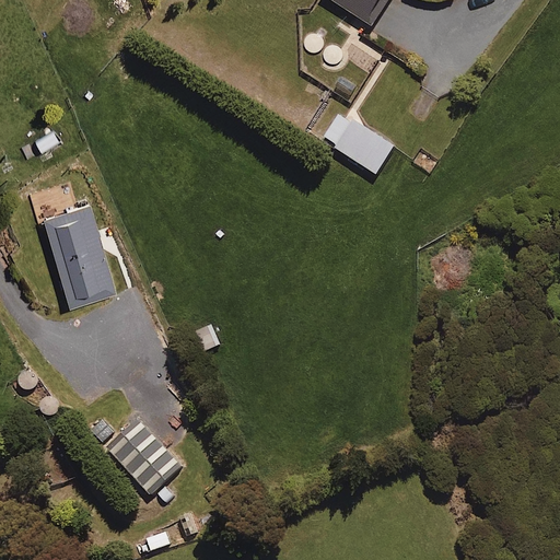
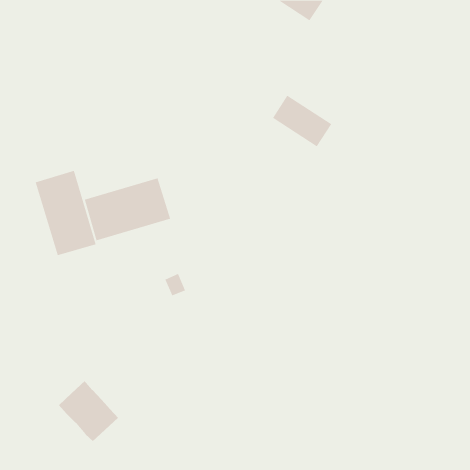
building: none -> [84,178,171,241]
building: [112,423,184,497] -> [58,380,119,442]

